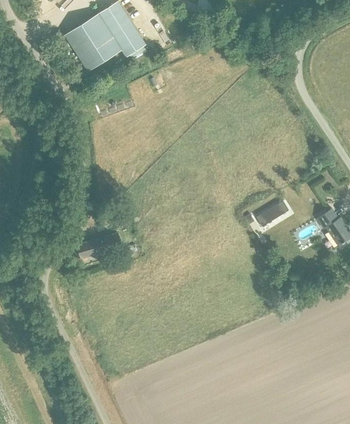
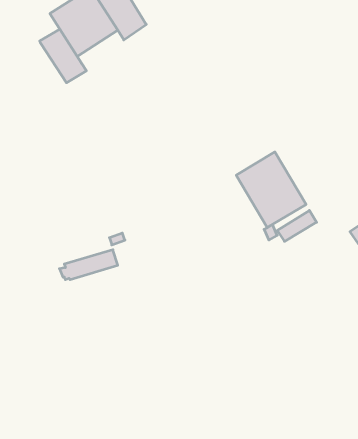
building: none -> [40,29,86,83]
building: none -> [236,152,306,228]

